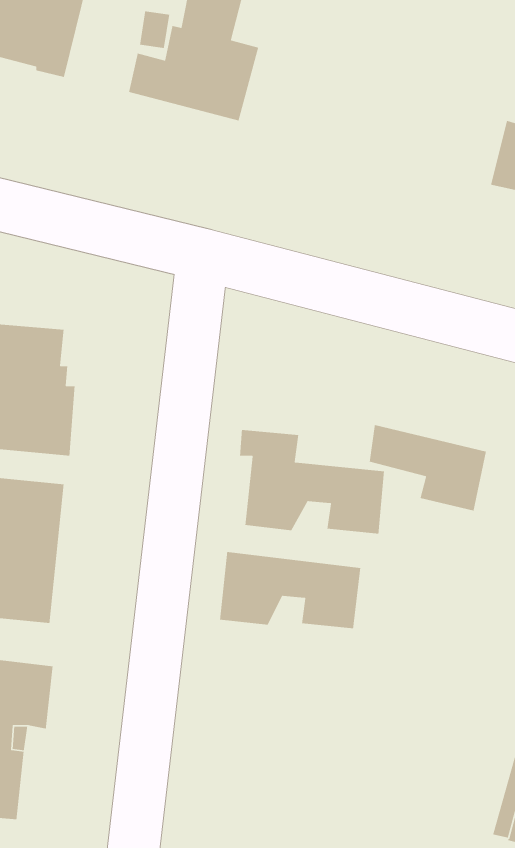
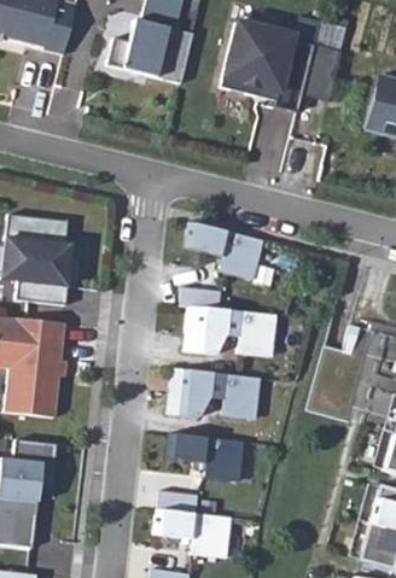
building: none -> [220,19,315,111]
building: [369,424,487,511] -> [185,221,263,279]
building: none -> [167,432,245,481]
building: none -> [153,489,232,556]

